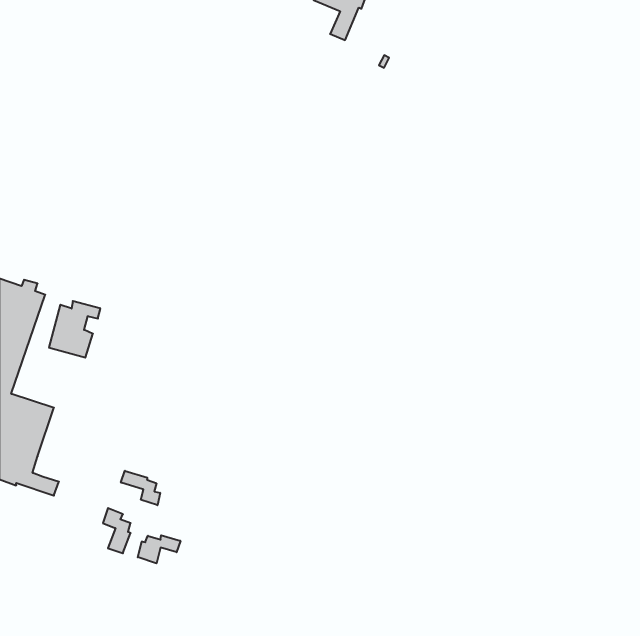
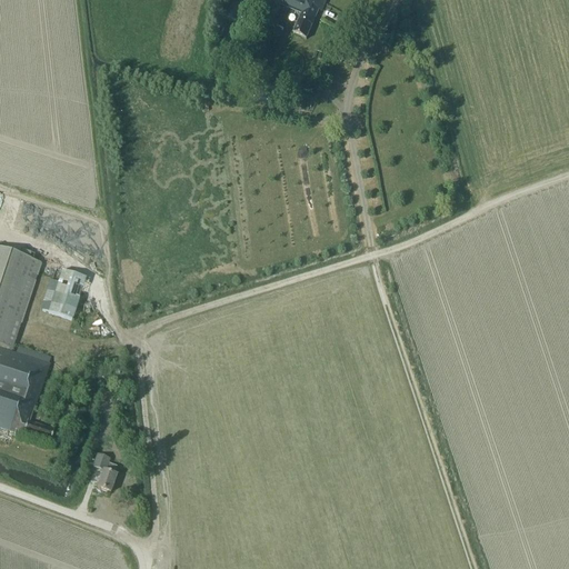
building: [121,471,160,505] -> none
building: [138,535,180,563] -> none

